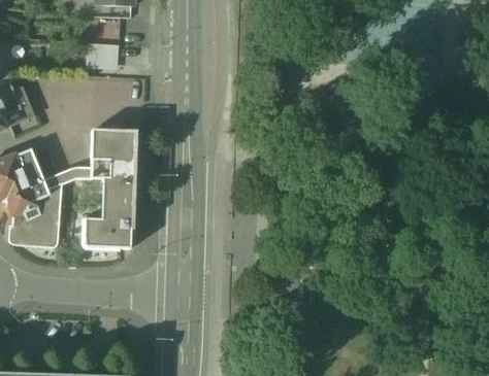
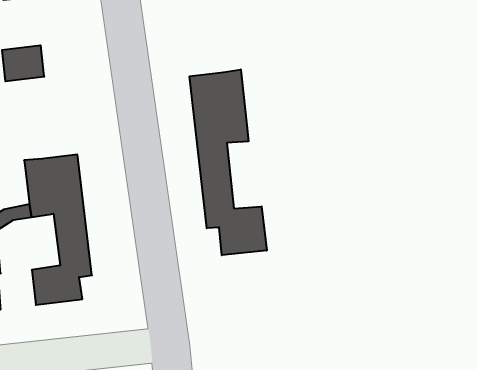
building: none -> [190,69,267,255]

